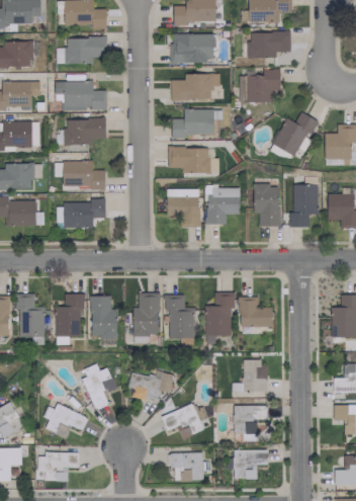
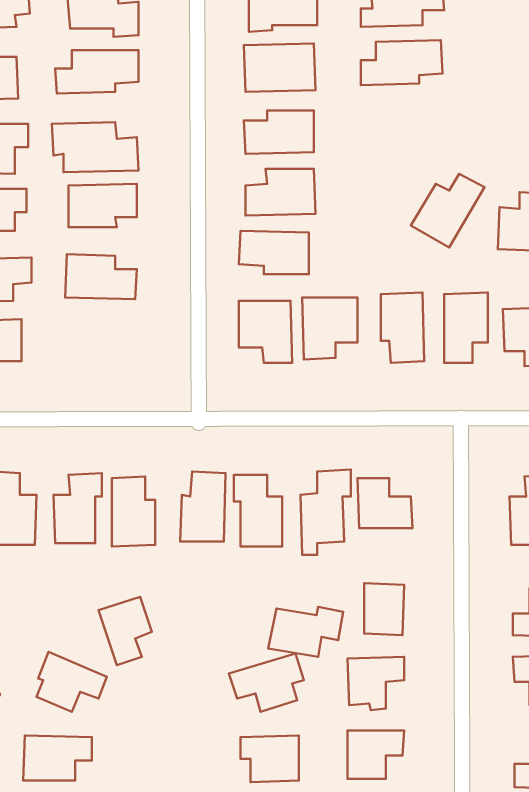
building: [247,69,281,103] -> none
building: [64,198,106,229] -> none
building: [127,371,173,402] -> [268,607,343,657]

